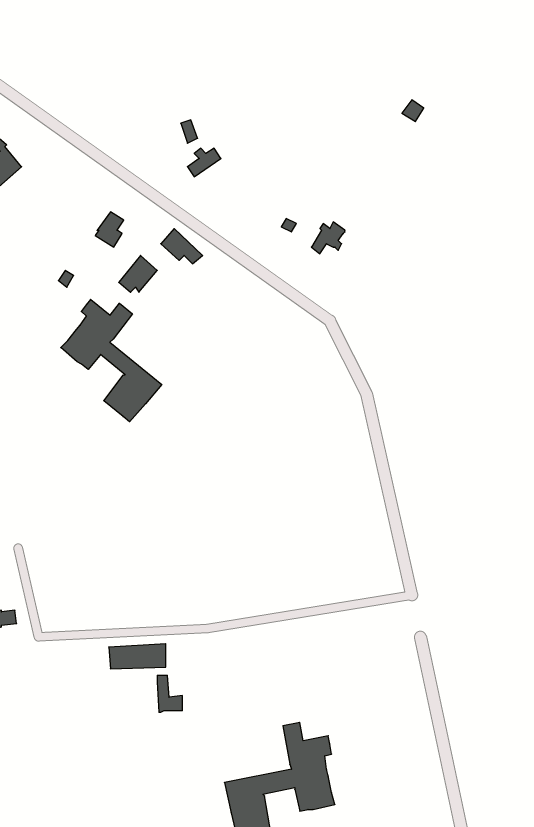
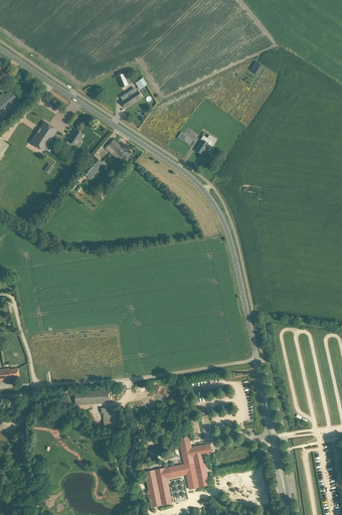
building: none -> [30,122,56,151]
building: [61,299,162,422] -> none

